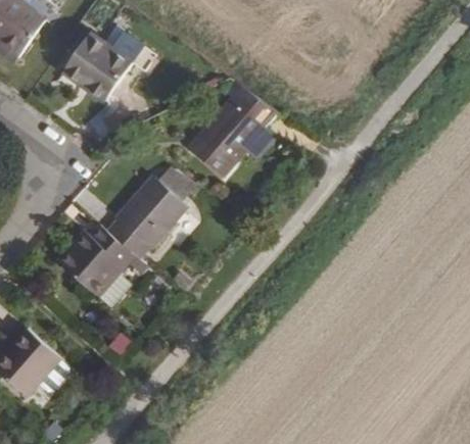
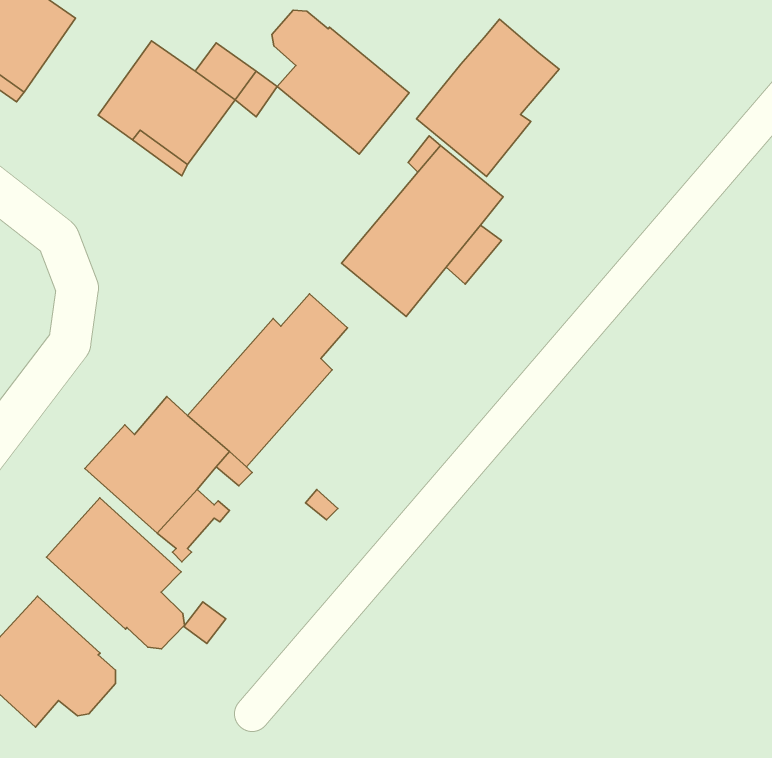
building: none -> [272,10,409,154]
building: none -> [417,19,559,176]
building: none -> [47,498,184,649]

